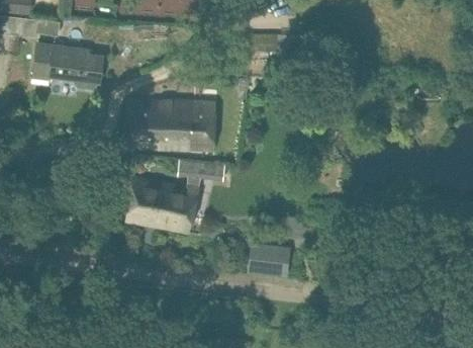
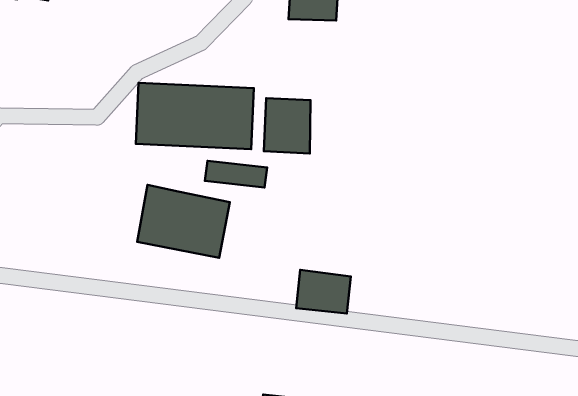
building: [32,42,104,89] -> none
building: none -> [264,98,311,153]

